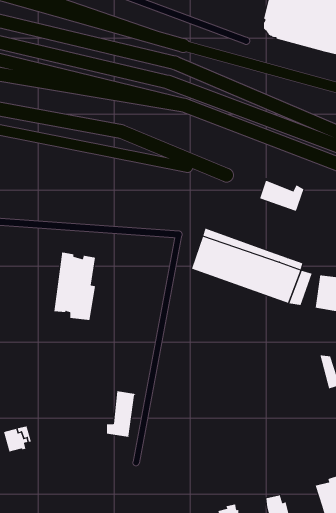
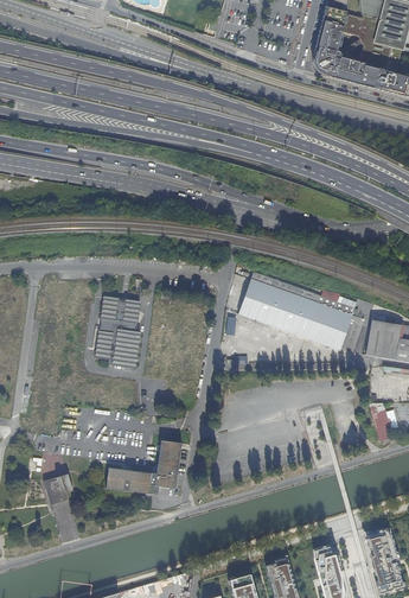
building: [259,179,304,213] -> none
building: none -> [106,467,151,495]

